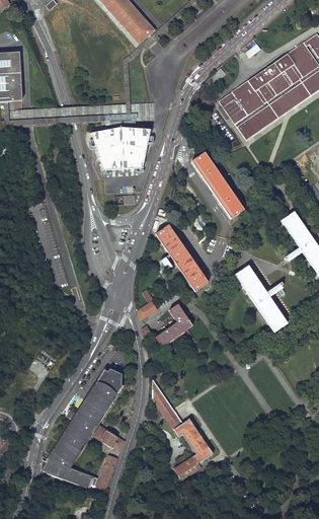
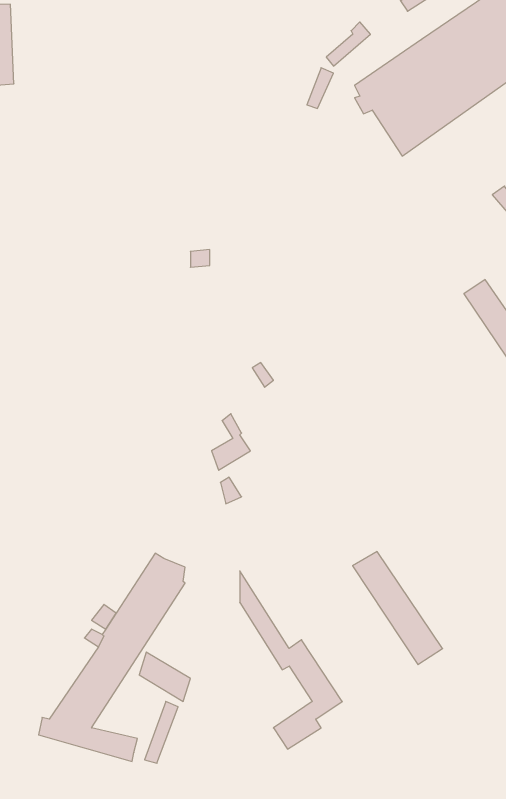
building: [93,127,149,169] -> none
building: [189,152,243,219] -> none
building: [156,226,208,291] -> none
building: [235,267,287,331] -> [353,552,443,665]
building: [156,303,192,347] -> none

